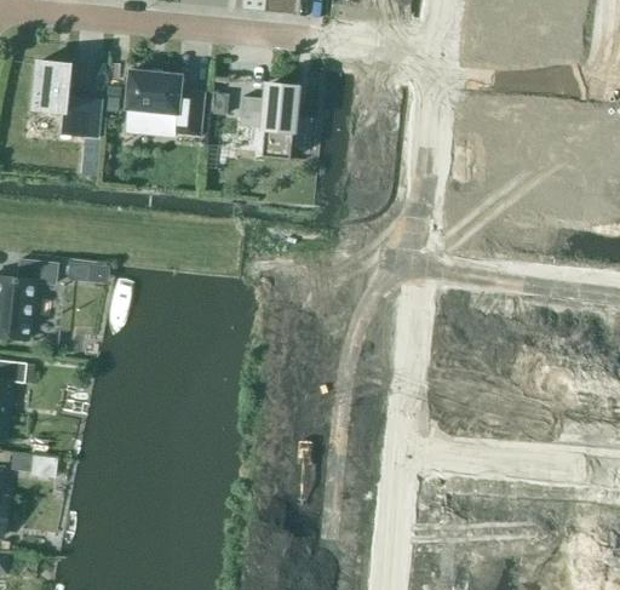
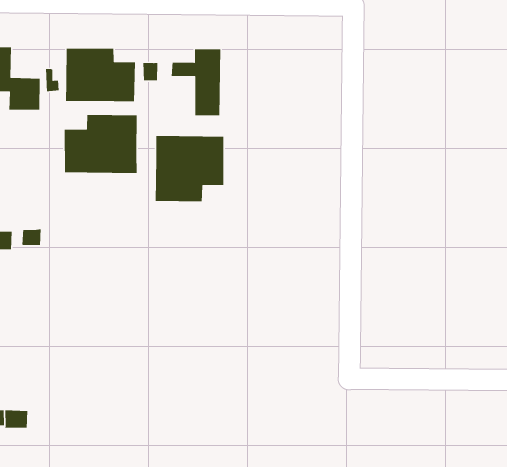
building: none -> [64,114,137,174]
building: none -> [155,135,224,202]

